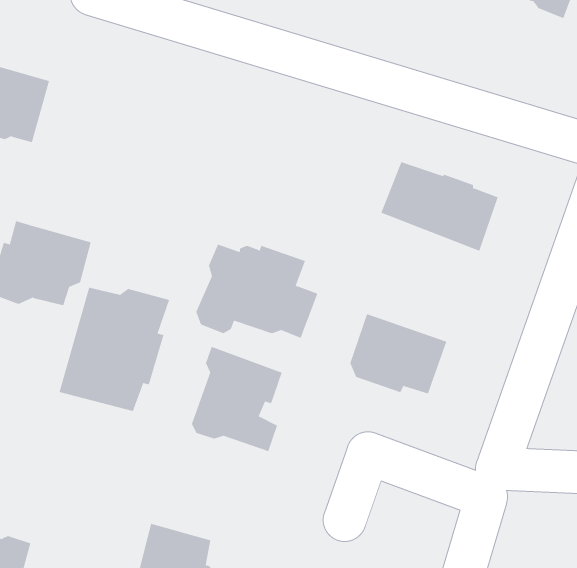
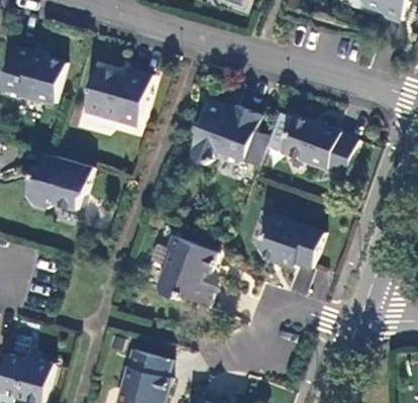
building: none -> [84,66,150,124]
building: [196,244,318,338] -> [191,102,271,164]
building: [59,287,170,412] -> none

